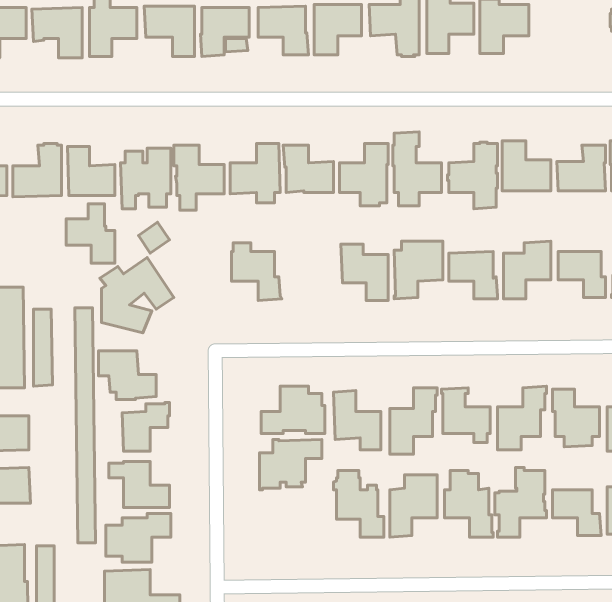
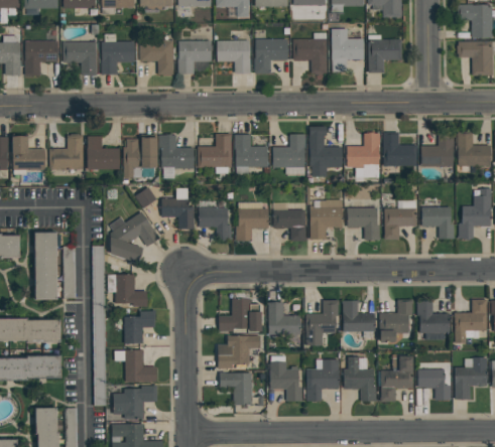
building: [66,204,115,263] -> [161,188,195,229]
building: none -> [235,202,268,241]
building: none -> [220,372,252,405]

